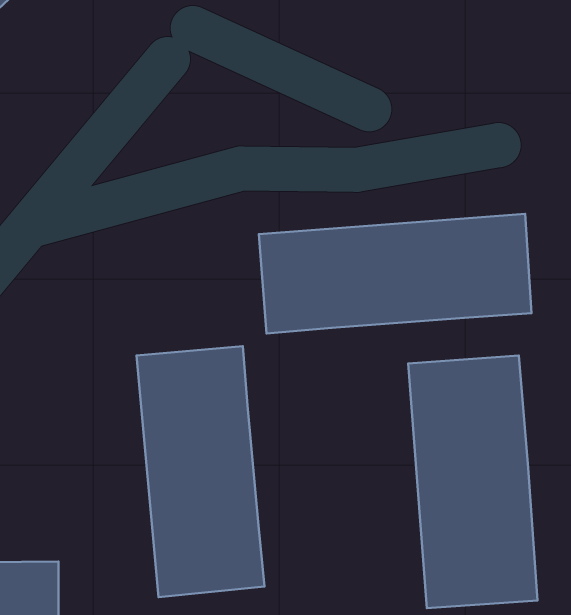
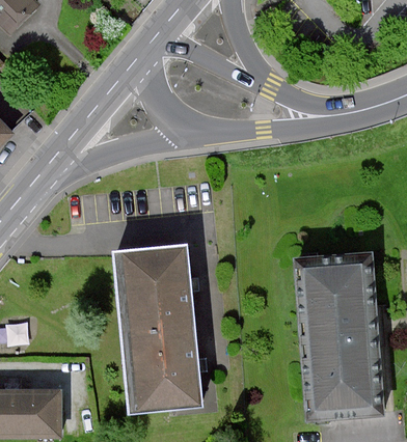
building: [259,214,531,333] -> none

